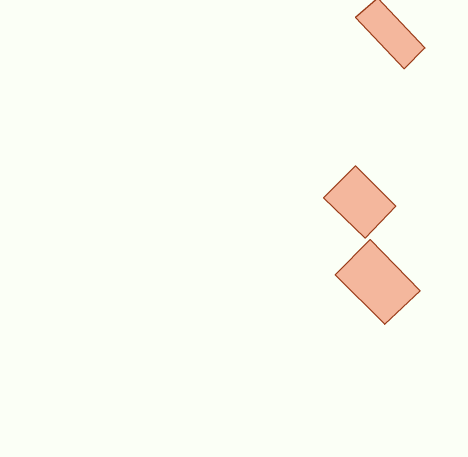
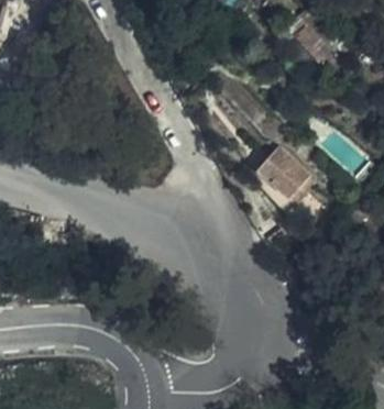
building: [335,240,420,324] -> none

